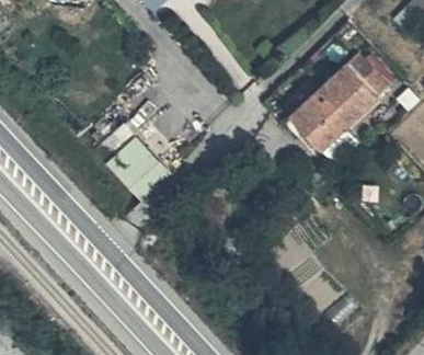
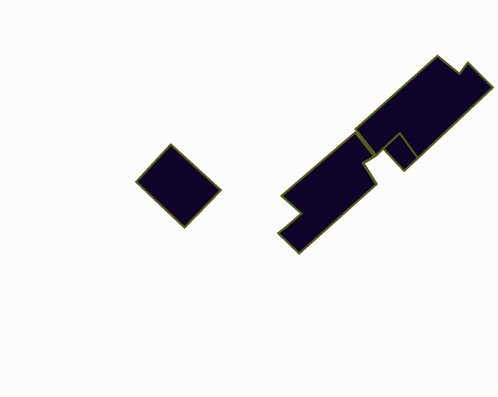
building: none -> [278,133,376,254]

